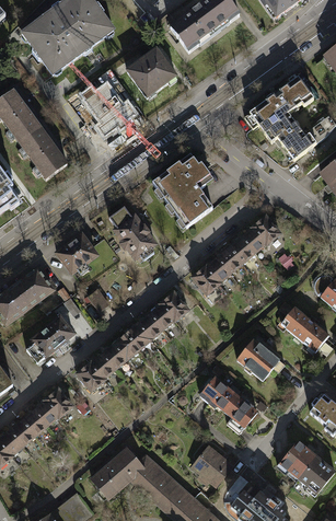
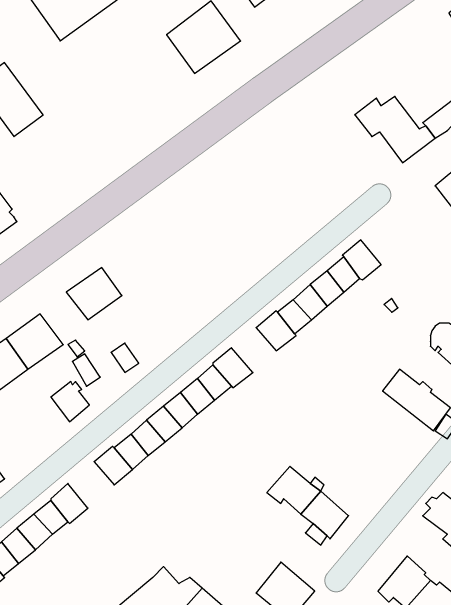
building: [246,77,316,127] -> none
building: [84,83,136,134] -> none
building: [20,126,68,177] -> none
building: [154,153,213,225] -> none
building: [109,206,155,256] -> none
building: [26,326,59,361] -> none
building: [236,337,281,379] -> none

